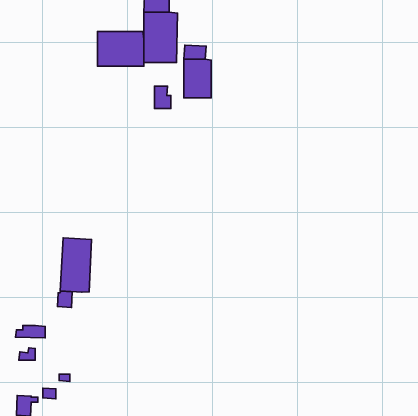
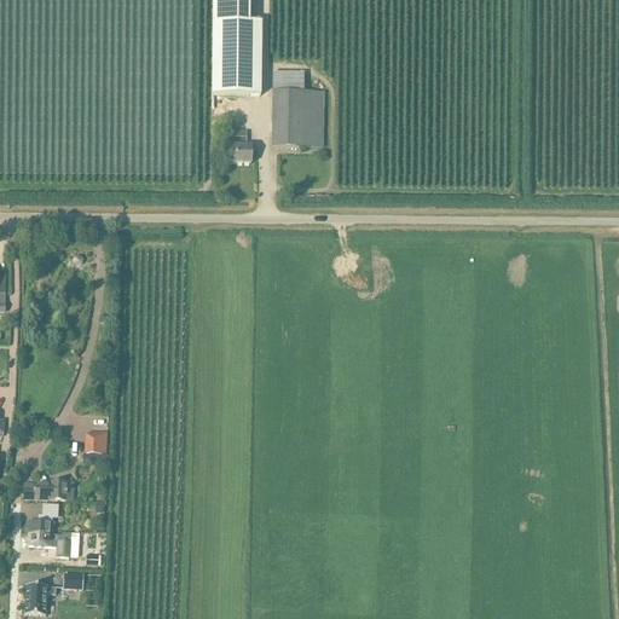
building: [97,32,144,66] -> none
building: [60,238,91,292] -> none
building: none -> [30,530,73,555]

